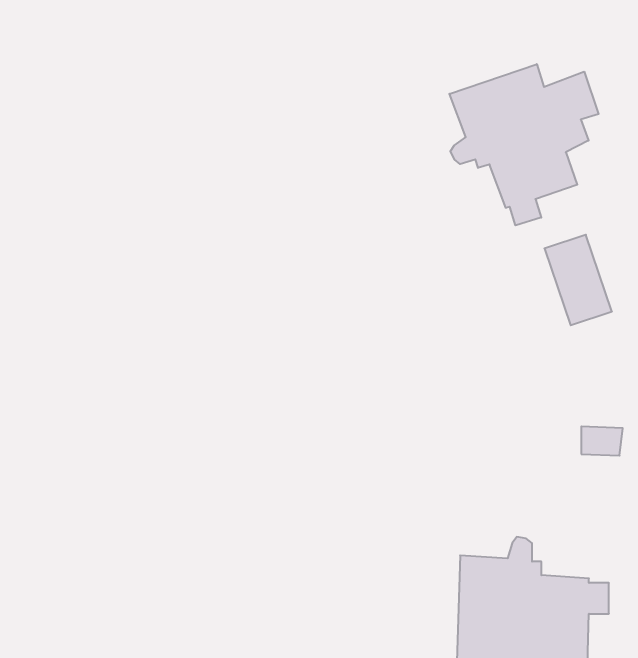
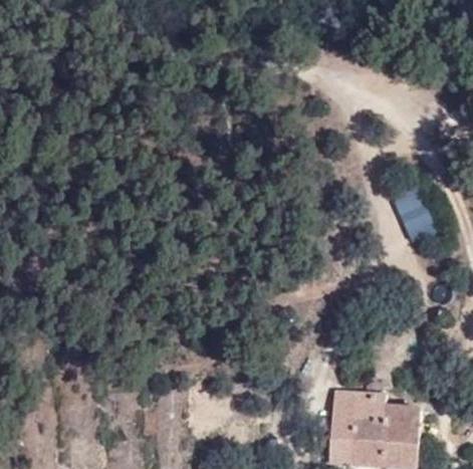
building: [449,64,599,225] -> none

